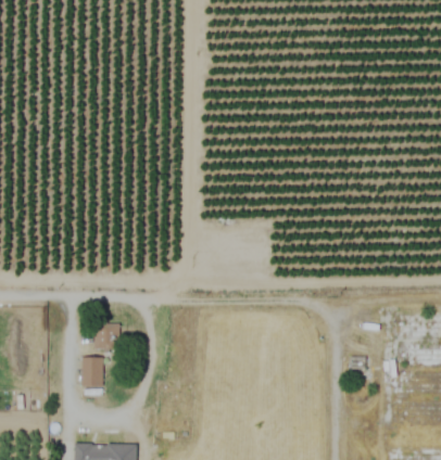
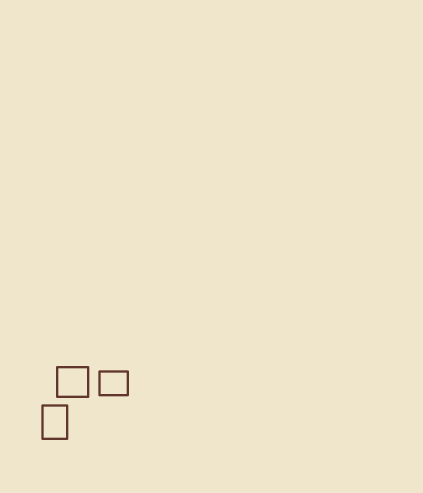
building: none -> [100,372,128,395]

